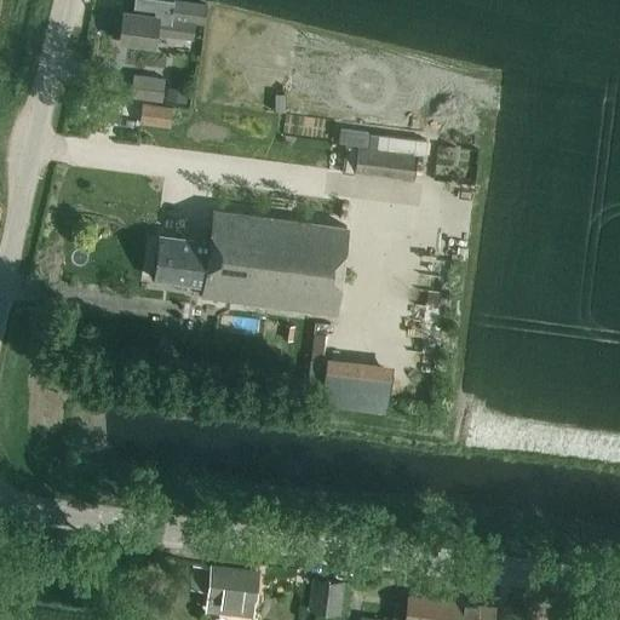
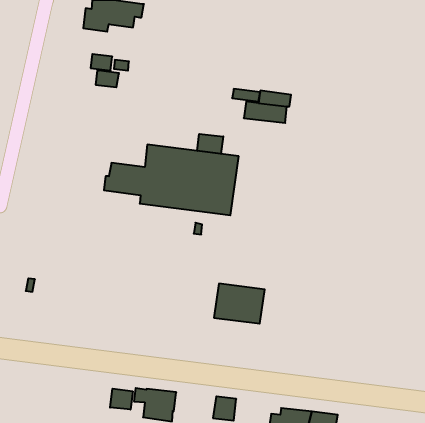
building: none -> [197,134,223,154]
building: [320,355,394,413] -> [214,284,265,324]
building: none -> [110,389,133,410]

